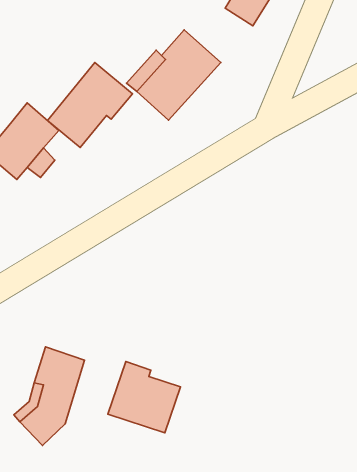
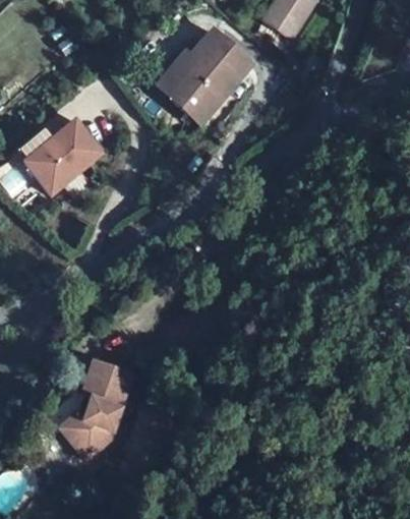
building: [48,62,132,148] -> none
building: [108,362,180,433] -> none

